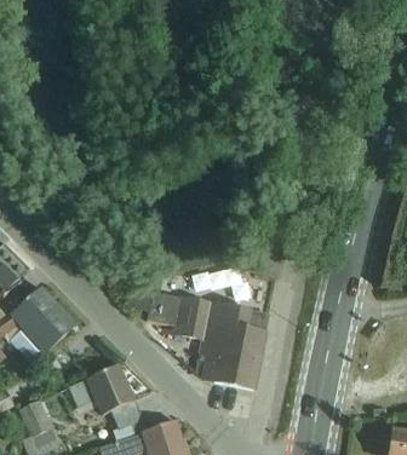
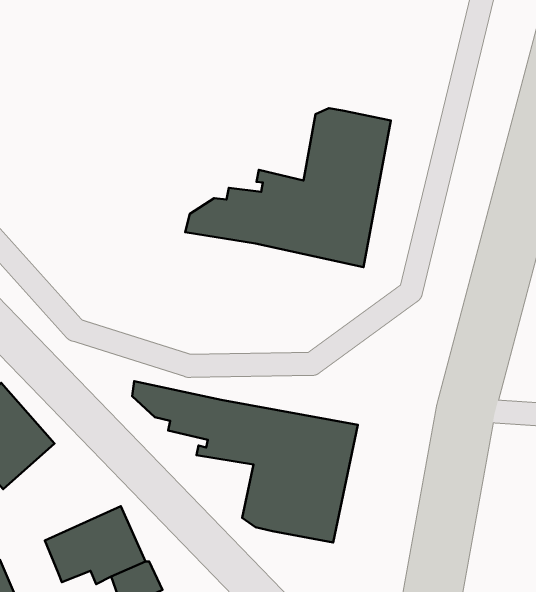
building: none -> [185,108,391,267]

